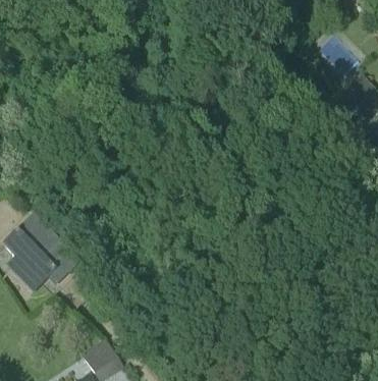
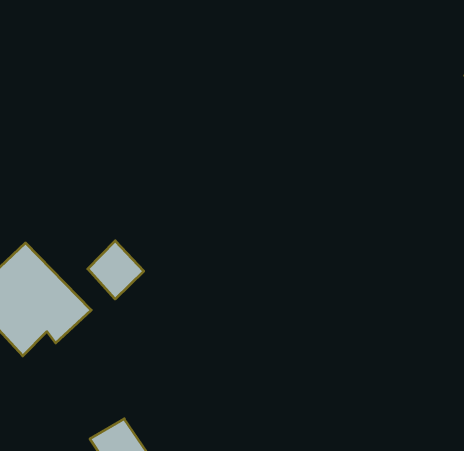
building: none -> [88,241,144,299]

